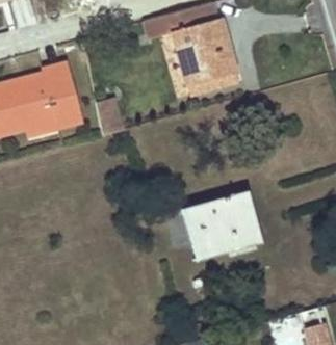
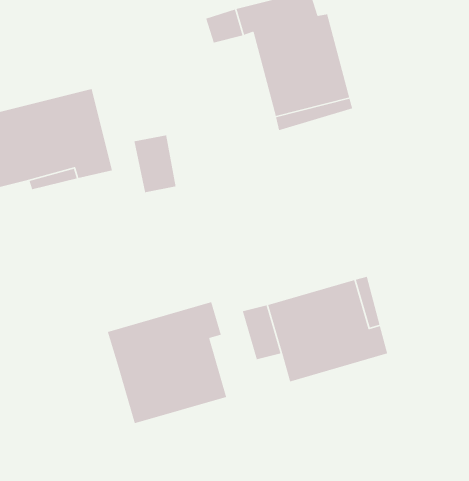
building: none -> [107,301,227,424]

